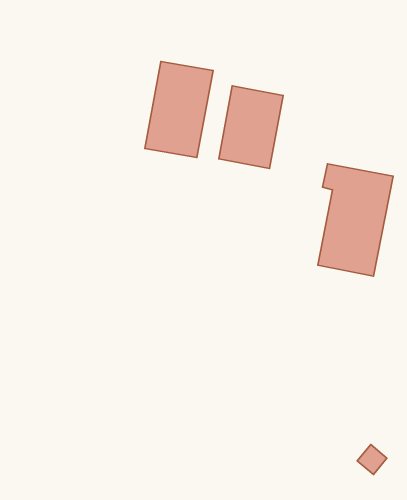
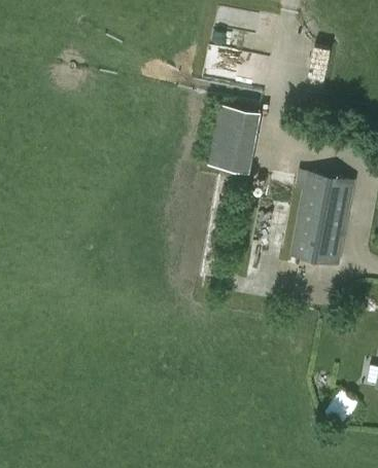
building: [145,61,213,158] -> none

